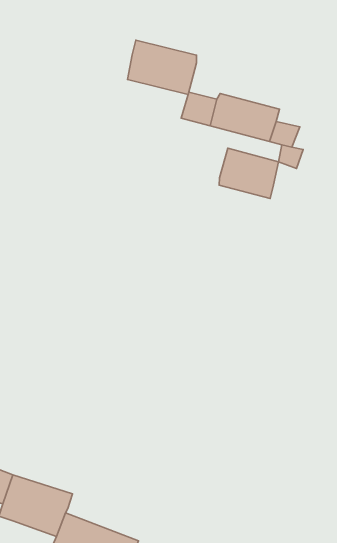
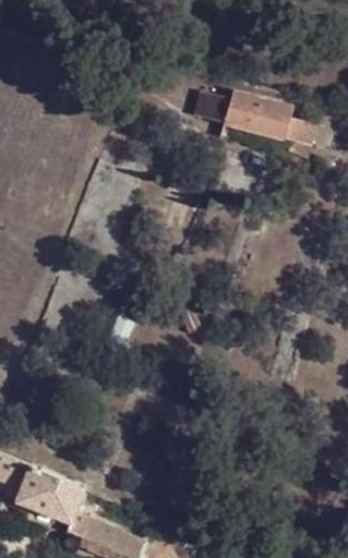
building: [128,40,196,94] -> none
building: [219,148,278,198] -> none

